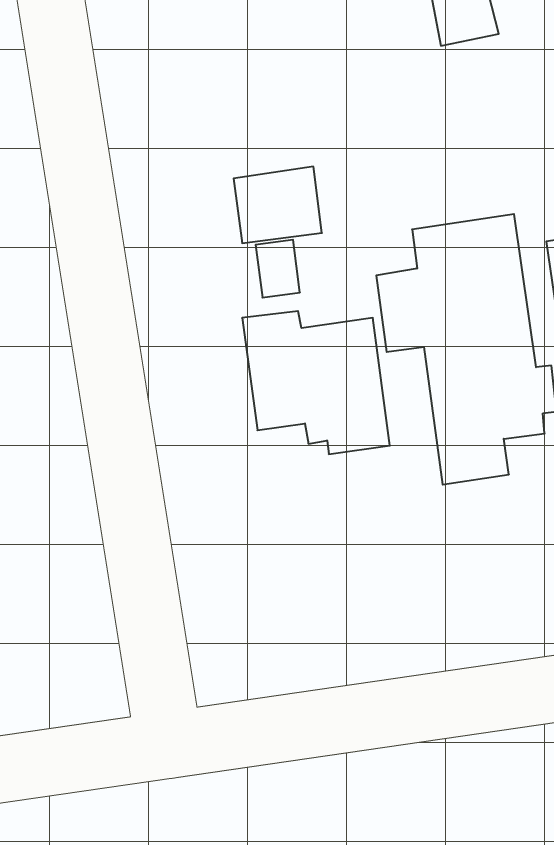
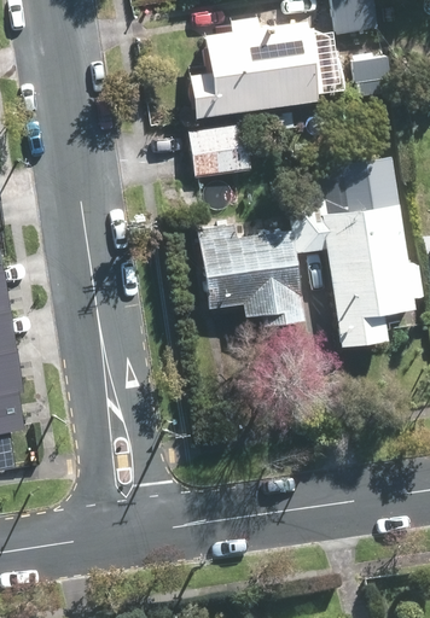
building: none -> [192,16,320,118]

